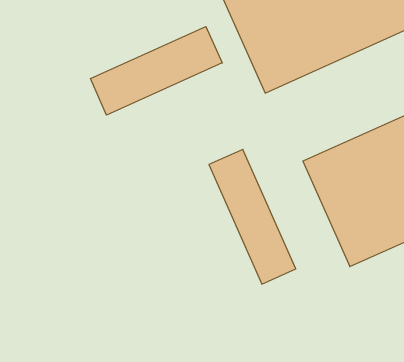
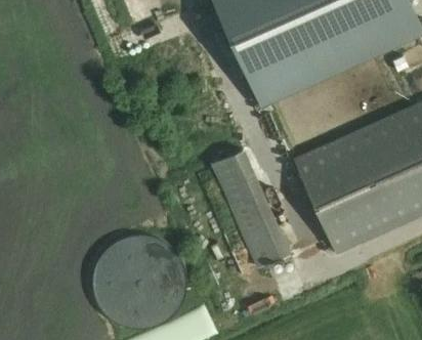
building: [90,27,222,115] -> none
building: none -> [90,235,187,331]

